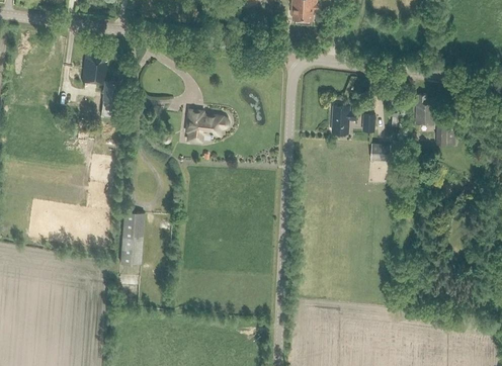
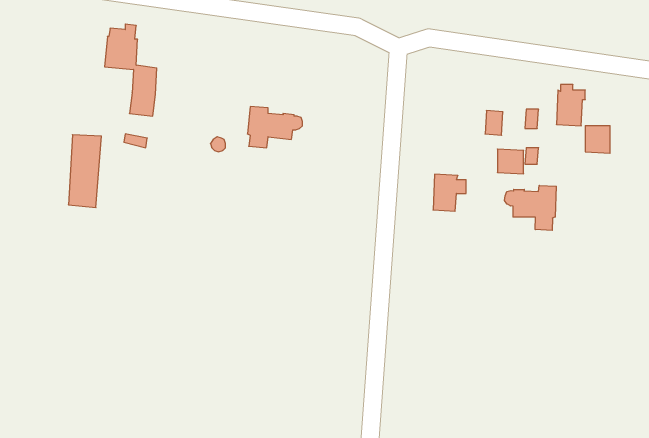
building: [332,106,356,133] -> [433,174,466,211]
building: none -> [504,185,556,230]
building: [120,212,145,266] -> [68,135,101,208]

